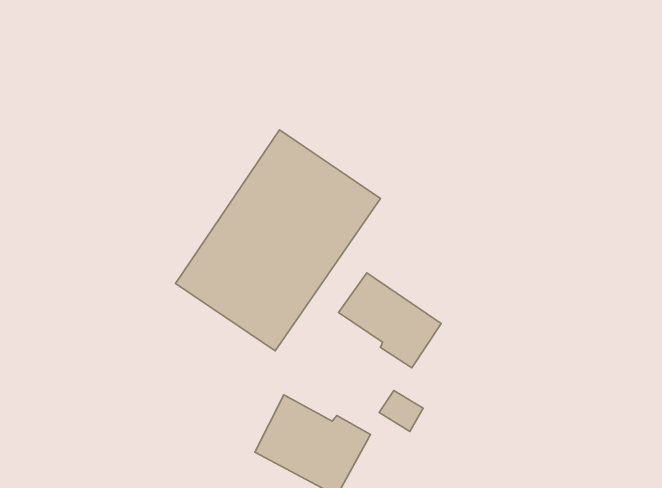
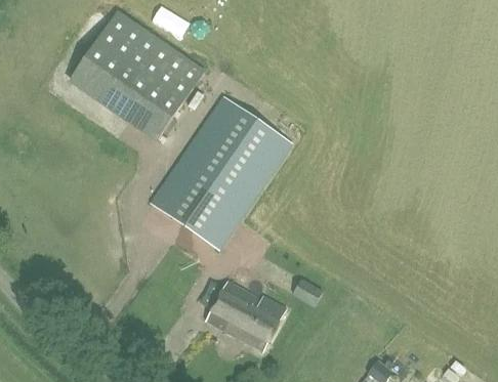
building: none -> [71,11,203,137]
building: [338,273,441,368] -> none

